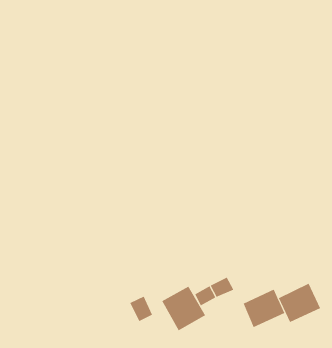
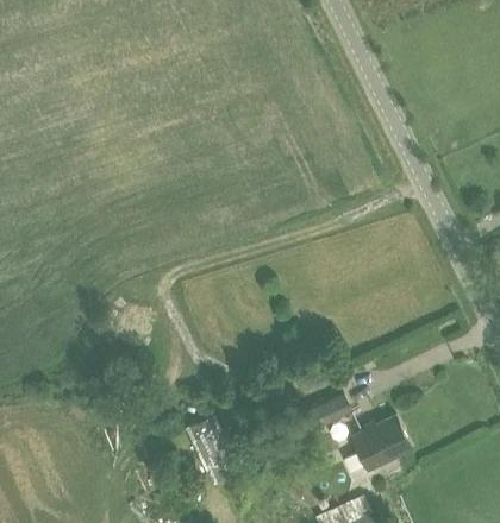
building: [278,283,321,323] -> none
building: [162,286,206,331] -> none

